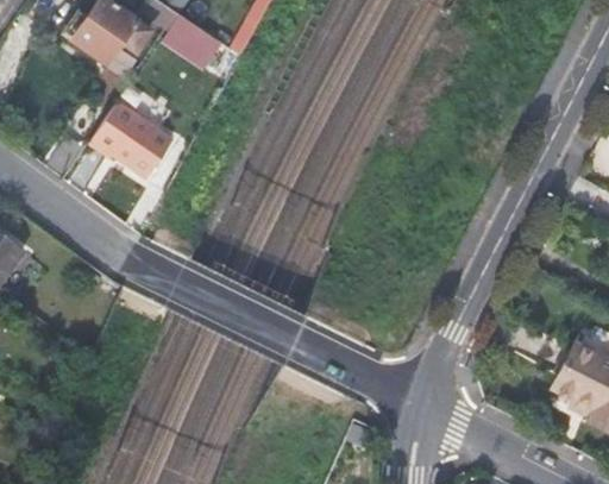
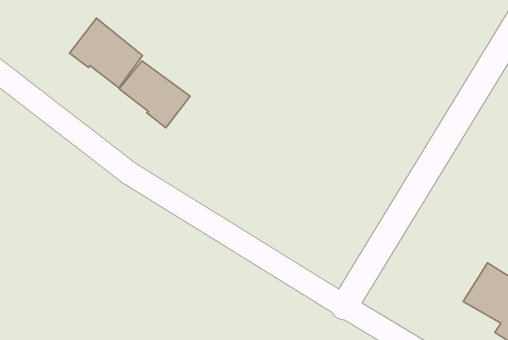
building: none -> [119,61,190,128]

